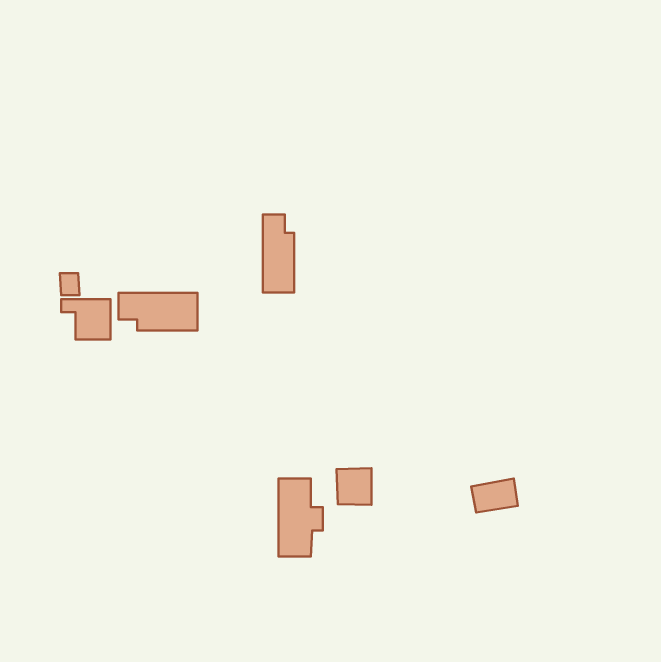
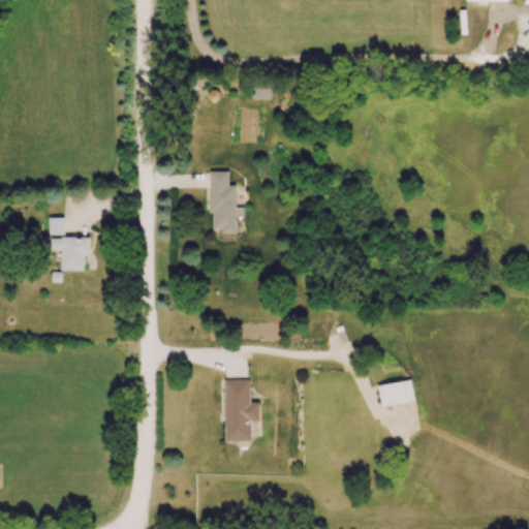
building: [119,293,197,330] -> none
building: [336,468,372,505] -> none

